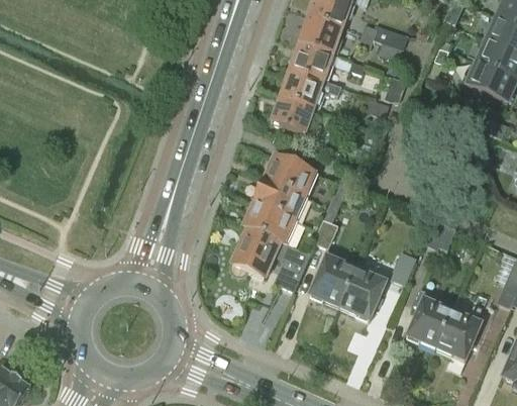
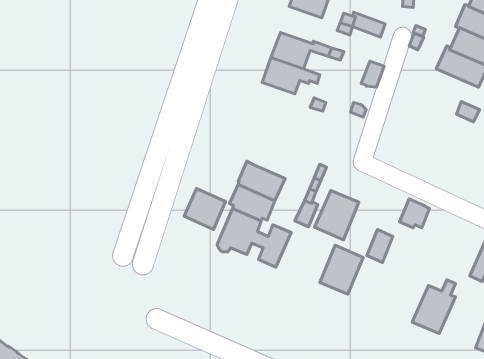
building: [299,17,342,57] -> none
building: [271,97,314,134] -> none
building: [264,155,315,198] -> none
building: none -> [184,189,225,230]
building: [310,256,356,307] -> [315,191,359,240]
building: [407,289,454,348] -> none

